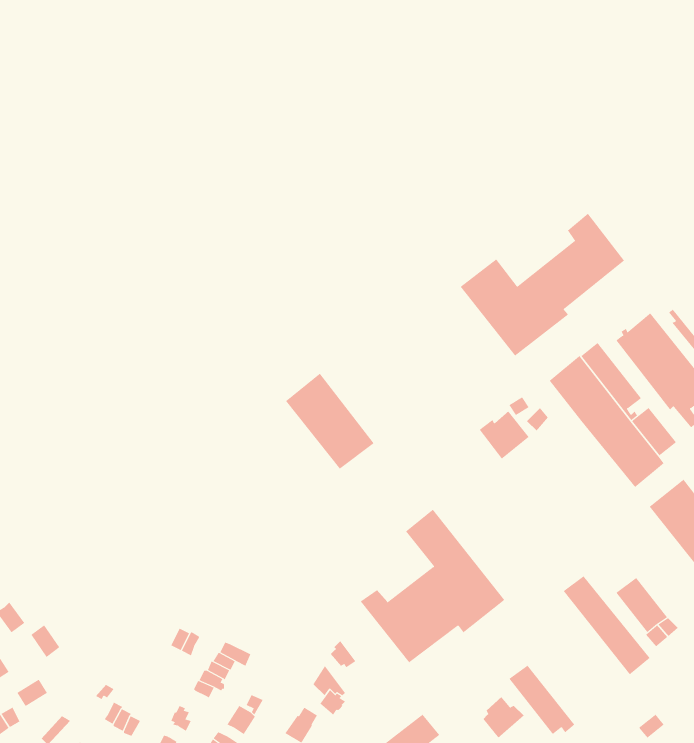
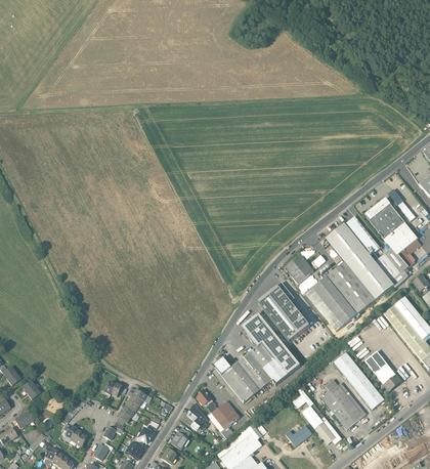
building: [460,213,625,357] -> none
building: [285,373,375,469] -> [257,285,309,341]
building: none -> [305,260,376,330]
building: none -> [321,378,367,428]
building: none -> [208,399,240,438]

